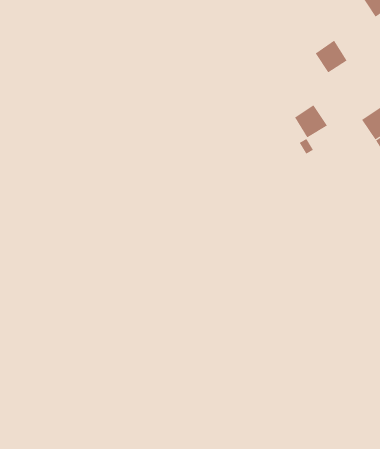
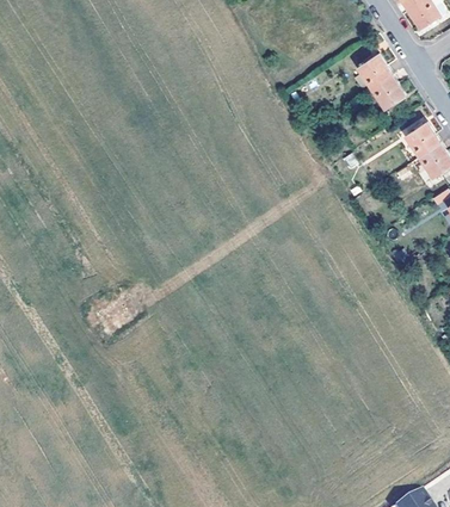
building: [294,105,328,138] -> [371,74,406,109]

